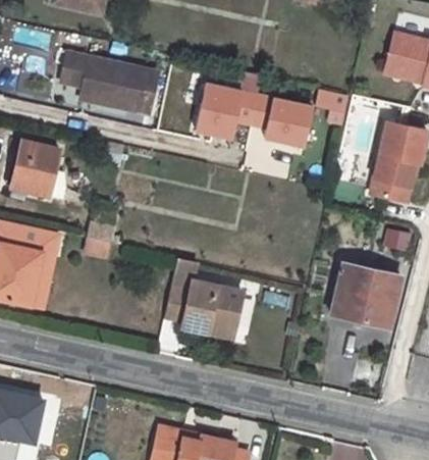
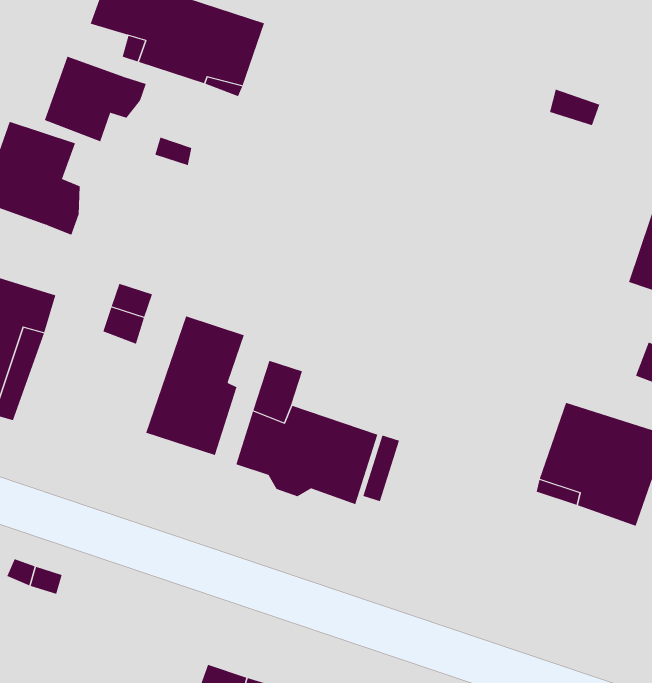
building: [194,79,314,142] -> none
building: none -> [44,56,147,142]
building: none -> [146,315,244,456]

